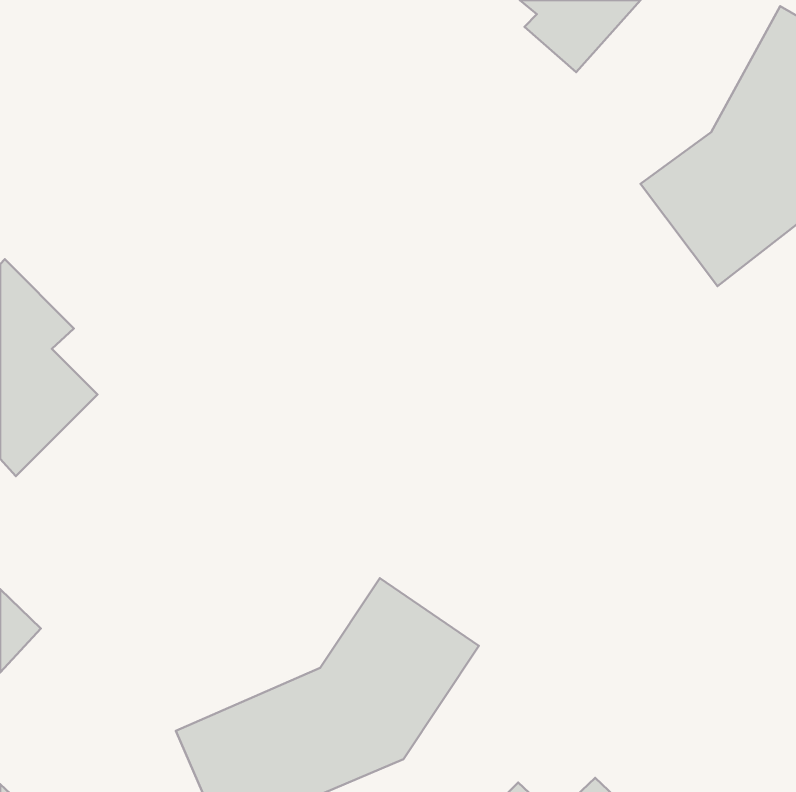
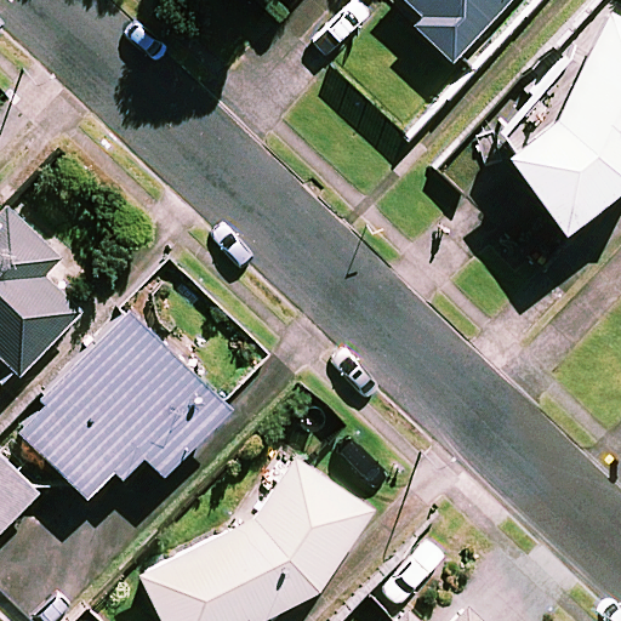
building: none -> [15,310,228,498]

